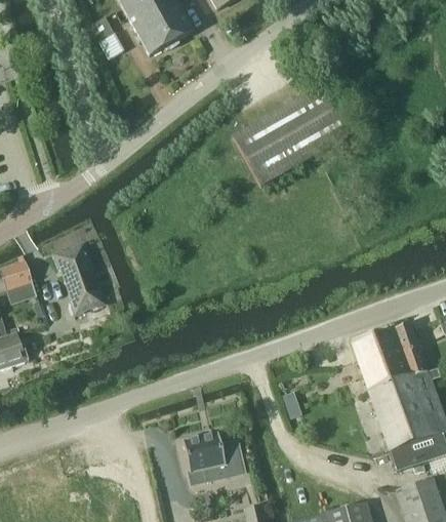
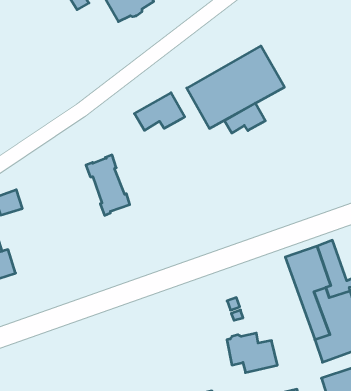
building: none -> [134,93,185,130]
building: none -> [224,103,265,133]
building: [52,241,106,315] -> [86,155,130,215]
building: [183,433,244,481] -> [227,333,277,373]

